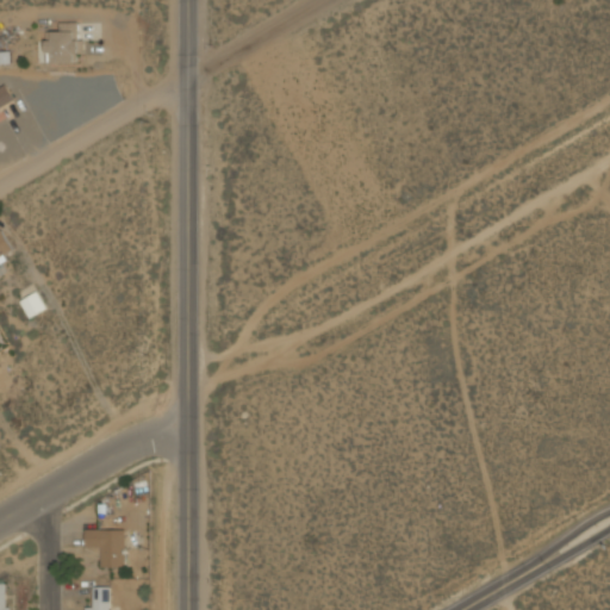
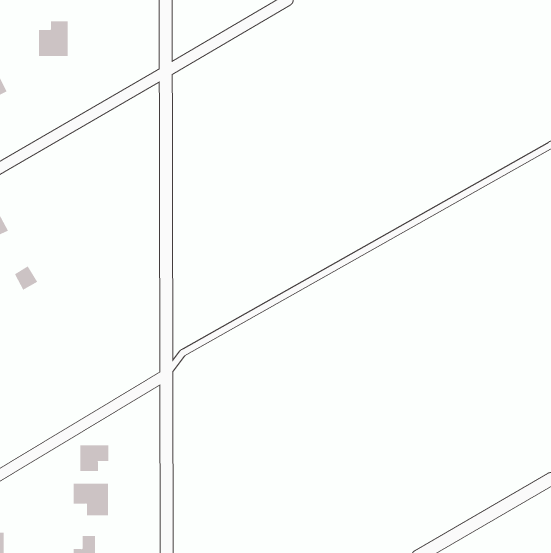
building: none -> [80,445,109,472]

